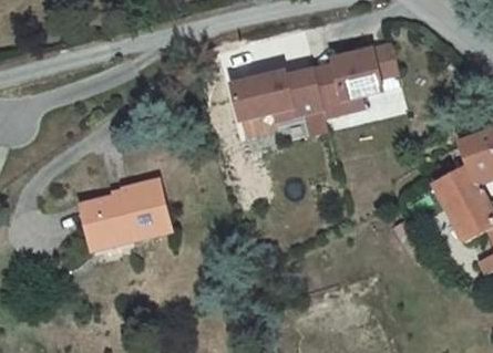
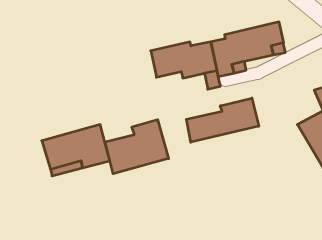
building: none -> [186,98,259,142]
building: none -> [105,120,169,174]

